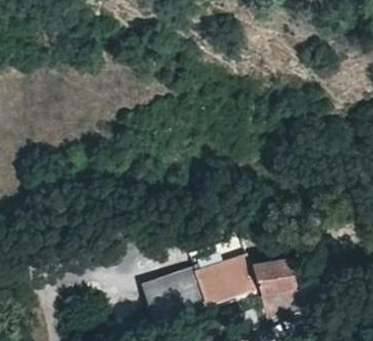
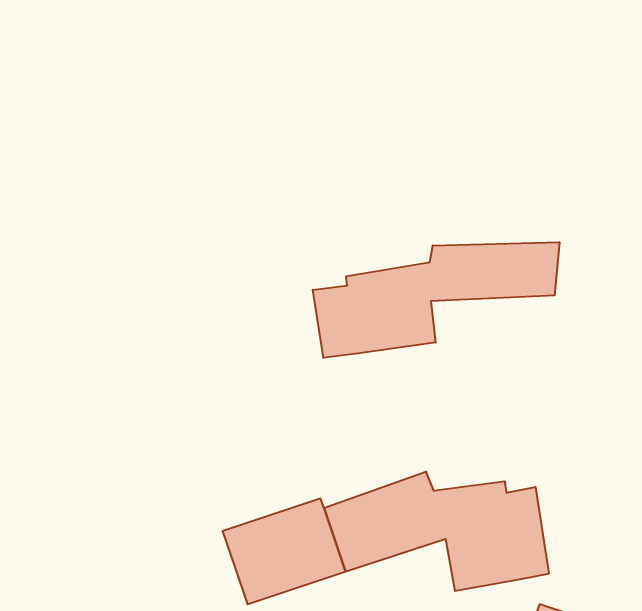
building: none -> [313,242,559,358]

